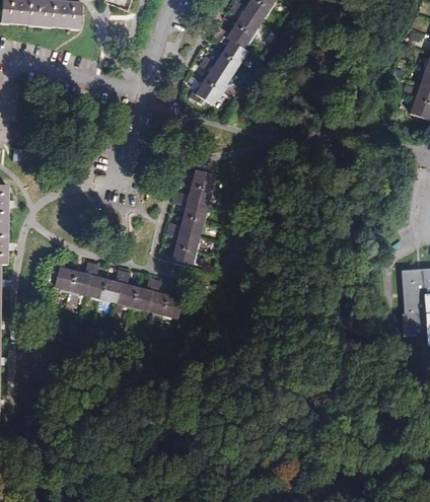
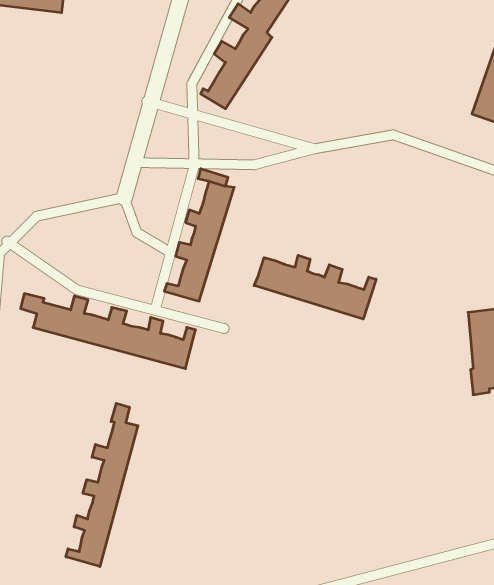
building: none -> [254,255,376,319]
building: none -> [66,403,138,567]

